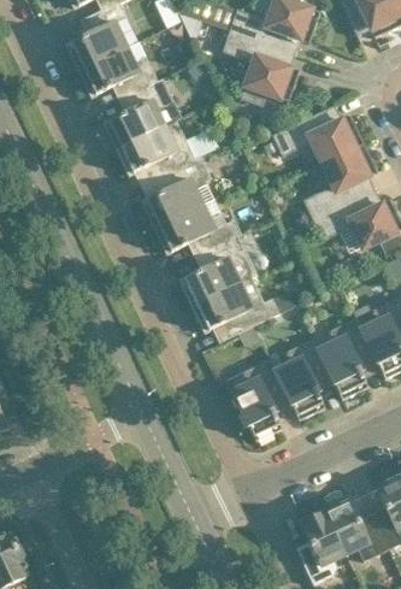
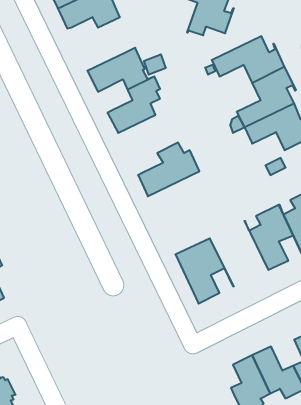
building: [102,78,173,148] -> none
building: [153,204,240,253] -> none
building: [190,275,278,331] -> none
building: [269,337,342,419] -> none

